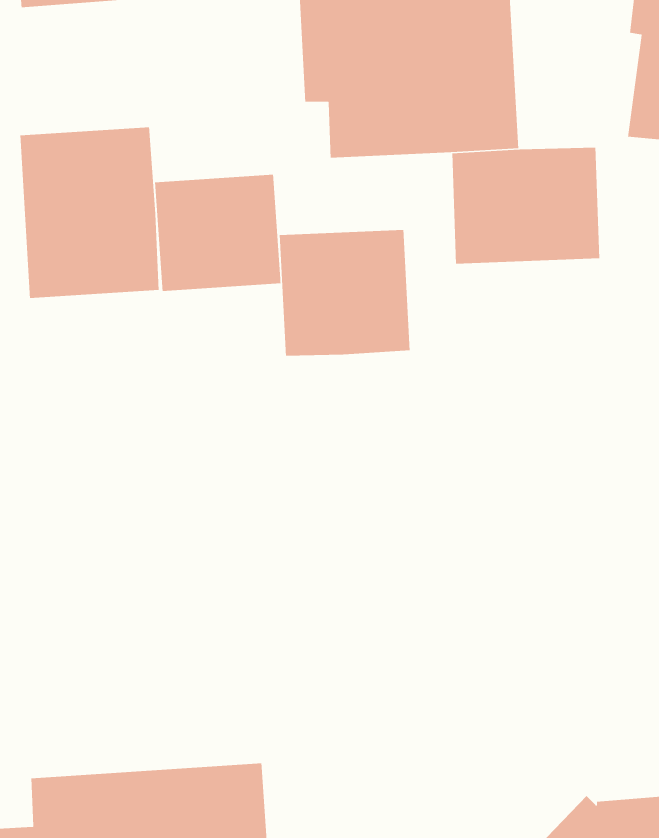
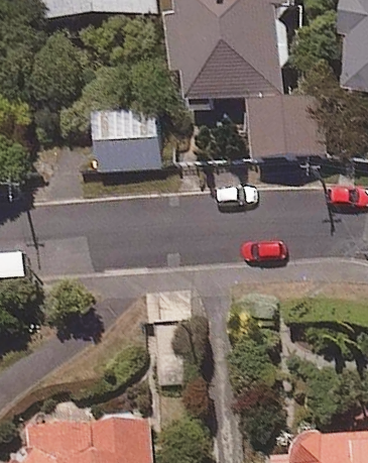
building: [20,127,159,299] -> none
building: [279,229,411,356] -> none

